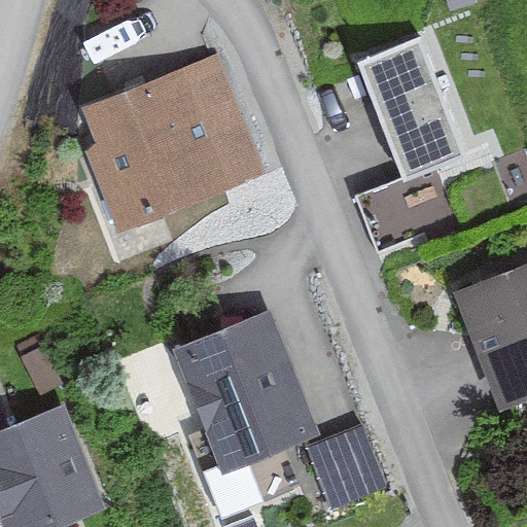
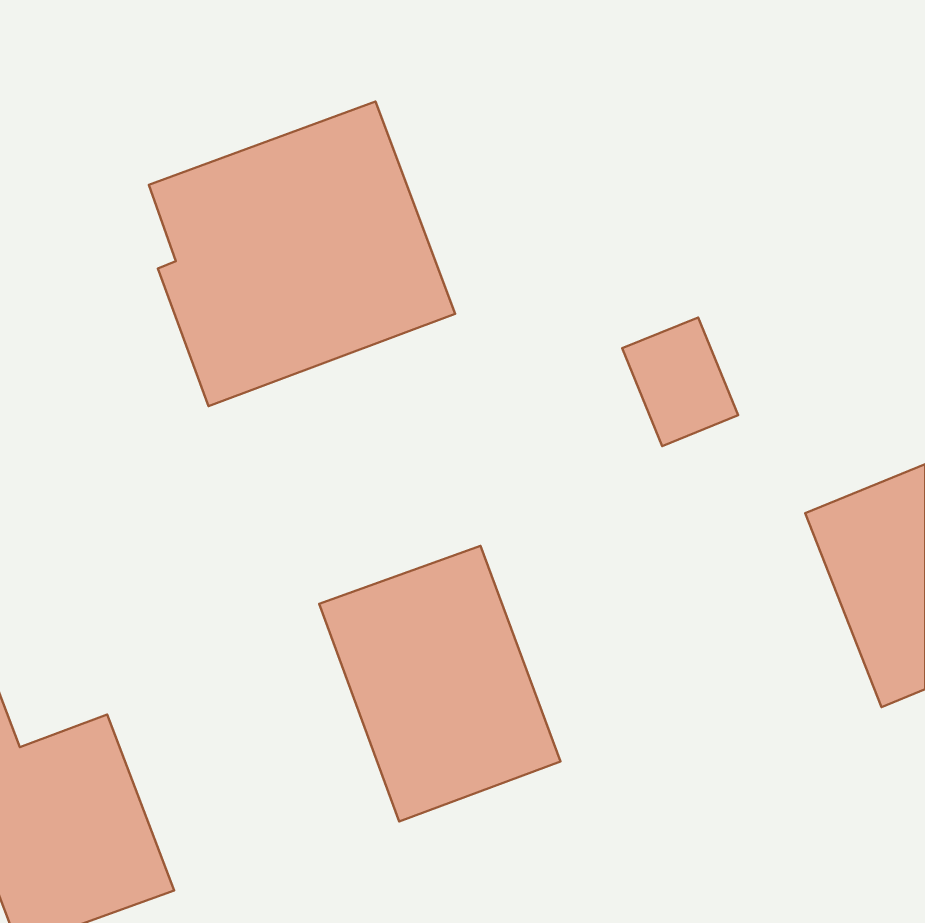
building: [359,38,471,180] -> none
building: [305,428,380,504] -> none

